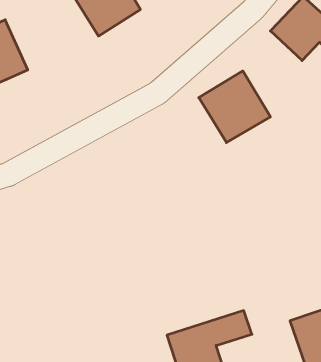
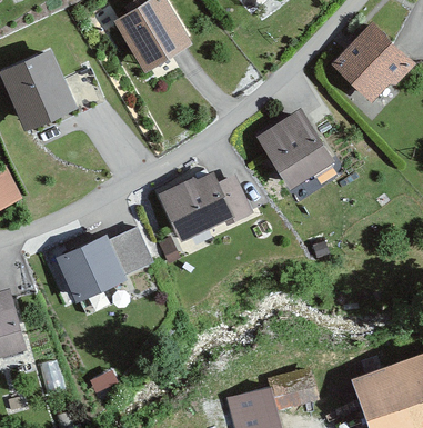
building: none -> [159,167,253,240]
building: none -> [56,229,148,301]

